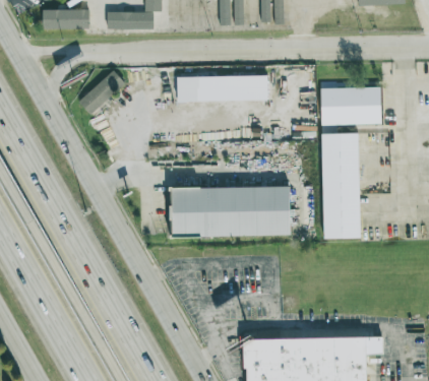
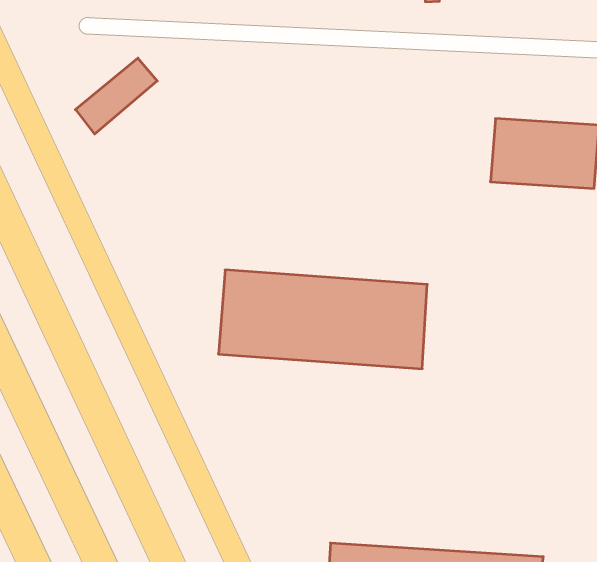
building: [176,74,266,101] -> none
building: [320,132,360,239] -> none

